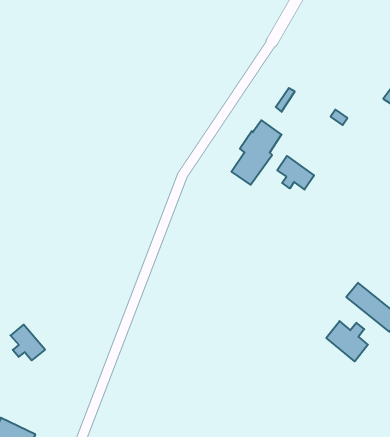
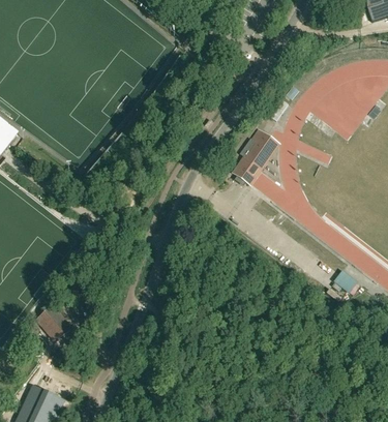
building: [277,156,314,190] -> none
building: [326,321,368,361] -> none

